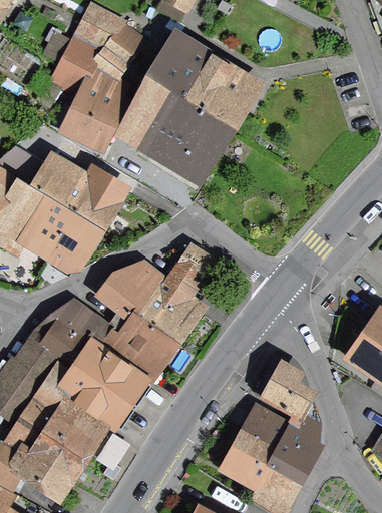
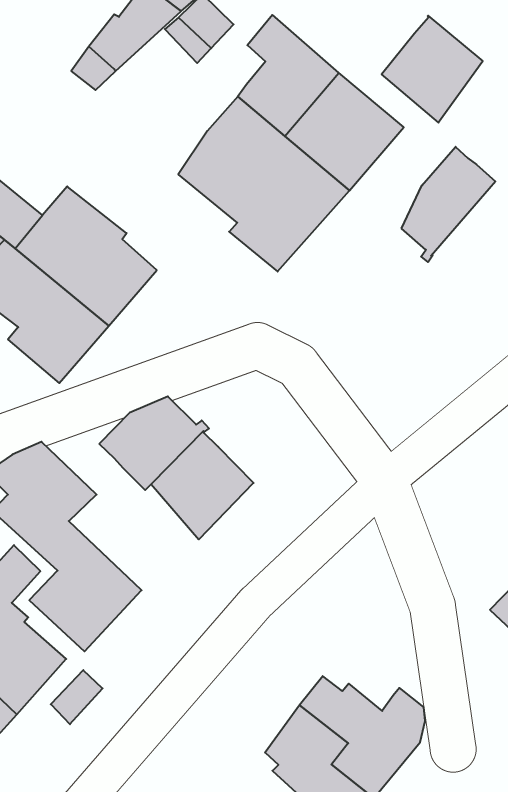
building: none -> [382,16,483,123]
building: [62,71,126,150] -> none
building: none -> [402,147,495,262]
building: [163,247,209,290] -> none
building: [99,311,170,380] -> none
building: [261,362,318,424] -> none

